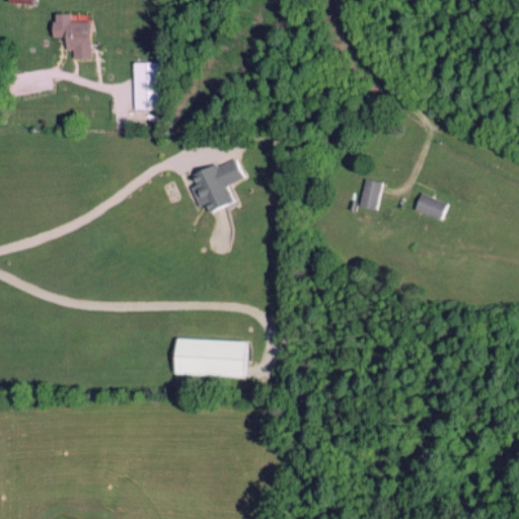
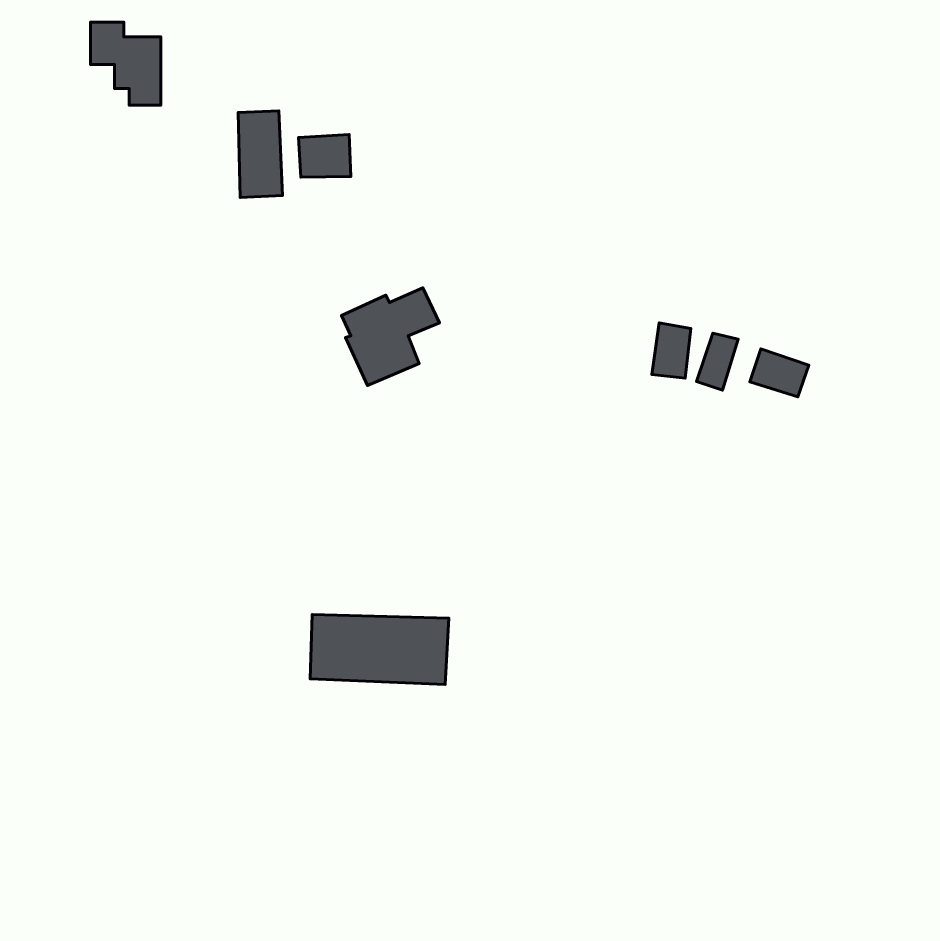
building: none -> [299,134,351,177]
building: none -> [697,333,738,390]

